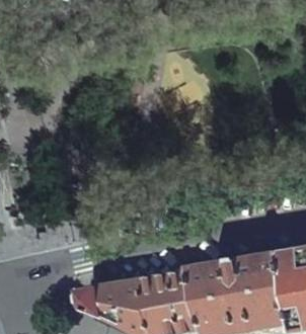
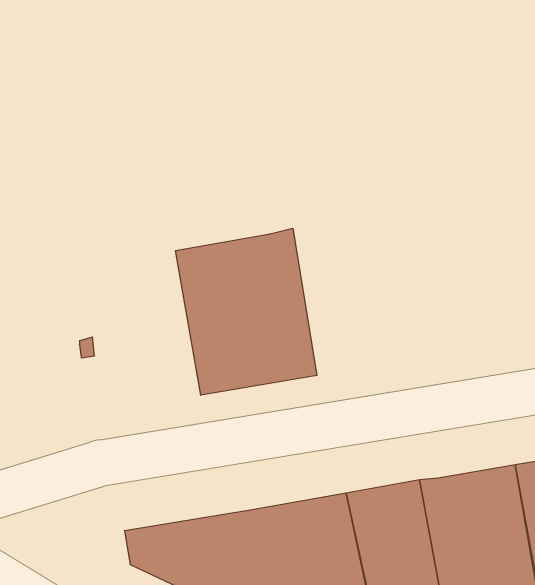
building: none -> [175,228,317,395]

